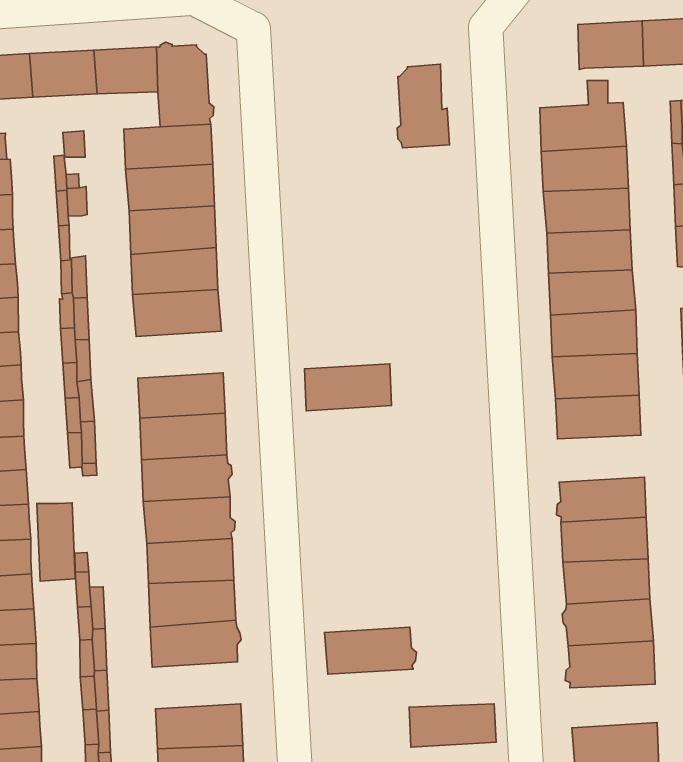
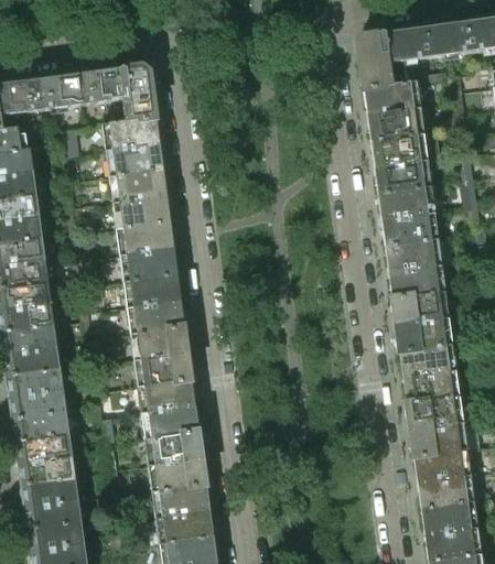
building: [397,64,449,148] -> [357,33,394,88]
building: [305,364,392,411] -> [119,247,176,281]
building: none -> [390,291,450,325]
building: [37,503,75,581] -> none
building: [324,627,416,674] -> [147,456,206,490]
building: [409,704,496,747] -> [413,448,471,480]

